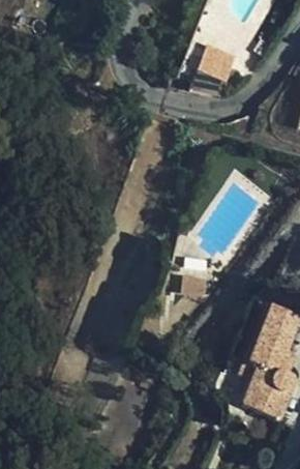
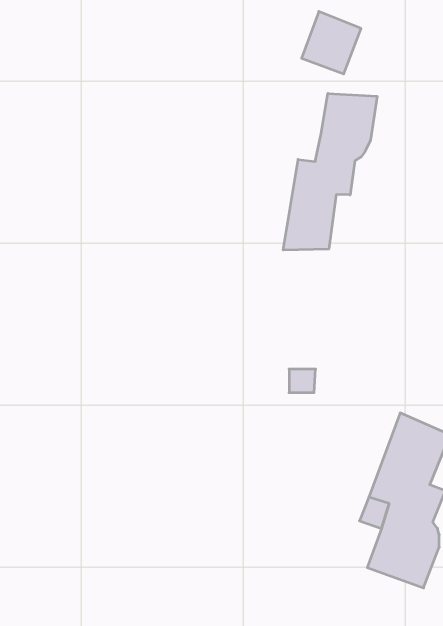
building: none -> [283,93,377,250]

